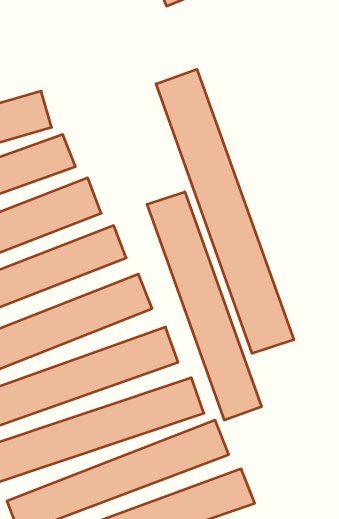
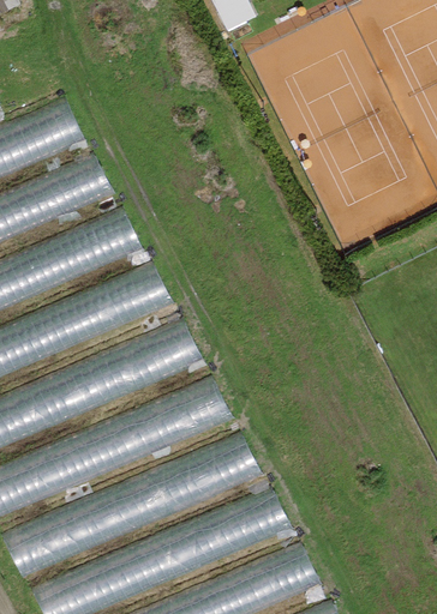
building: [156,69,294,353] -> none
building: [147,192,261,420] -> none

